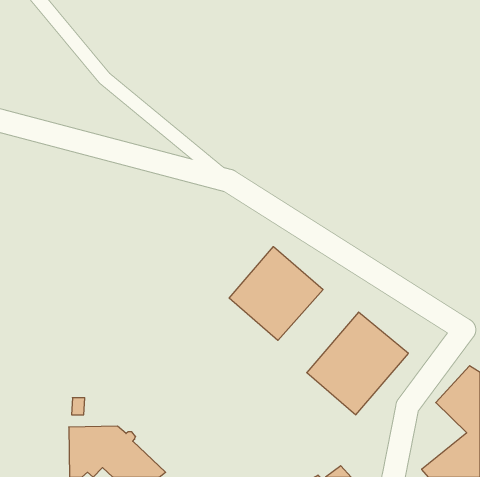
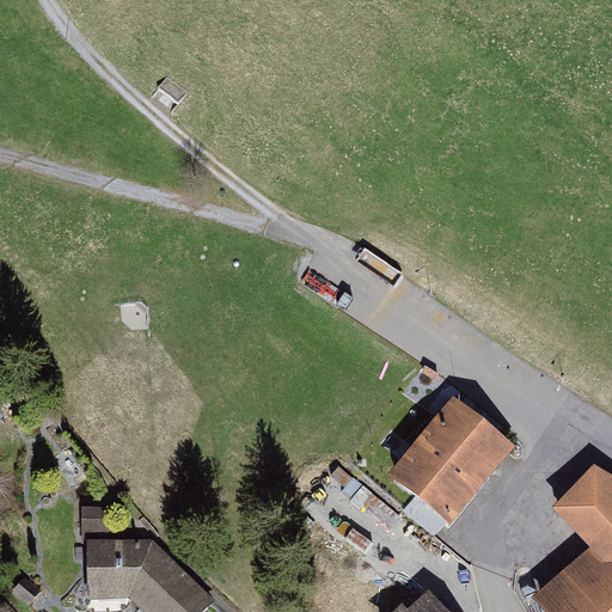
building: [229,247,323,340] -> none

